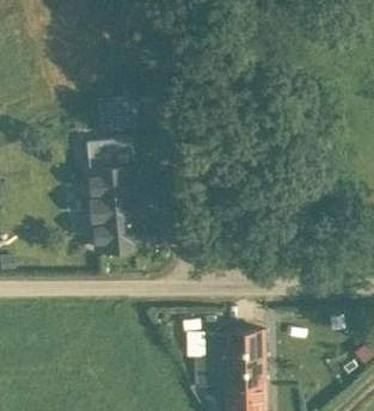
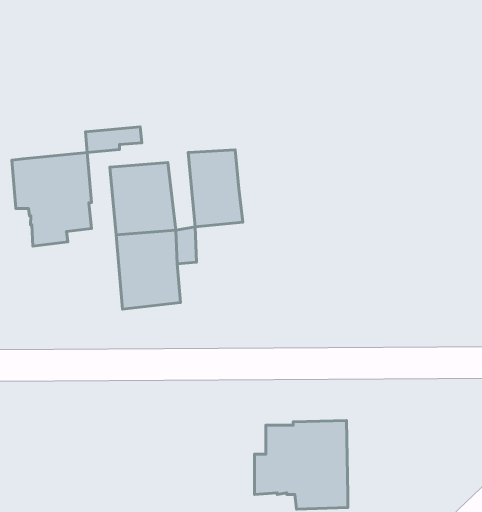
building: none -> [188,150,243,227]
building: none -> [12,153,92,246]

